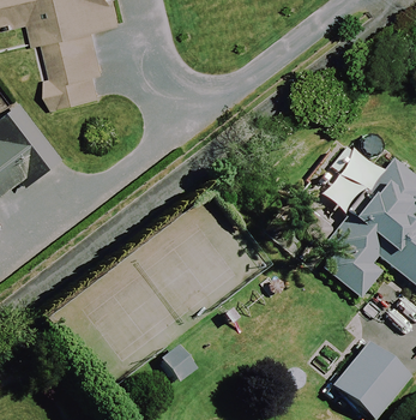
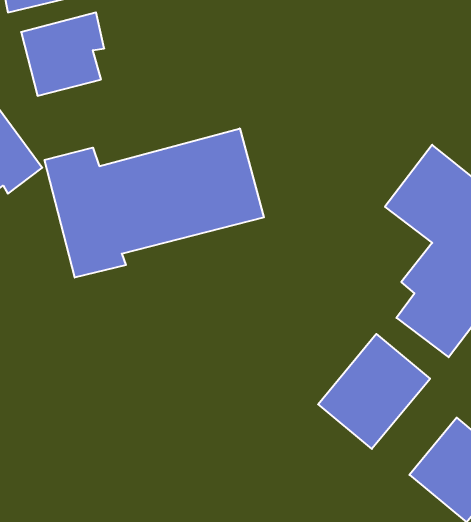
building: none -> [45,128,264,278]
building: none -> [318,334,430,449]

